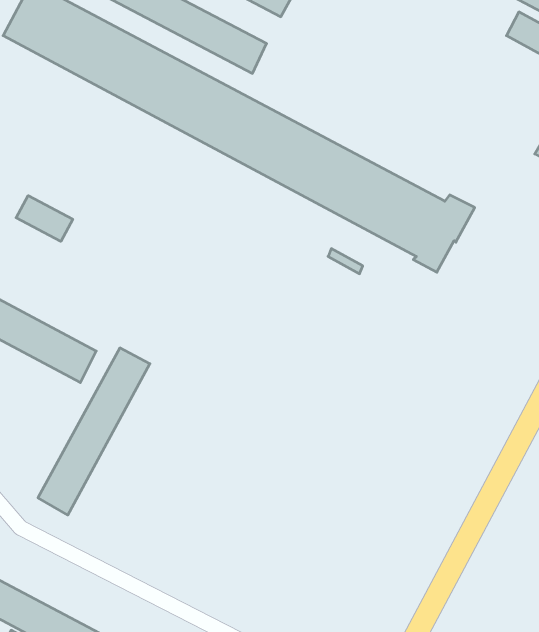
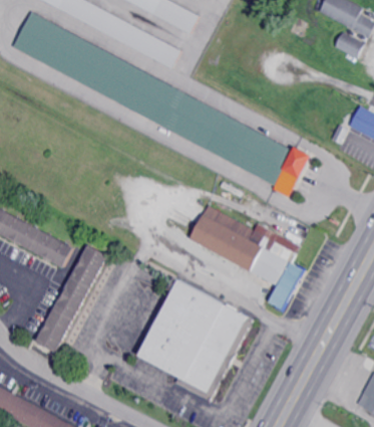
building: [16,196,73,241] -> none
building: none -> [186,205,302,309]
building: none -> [136,277,251,401]

